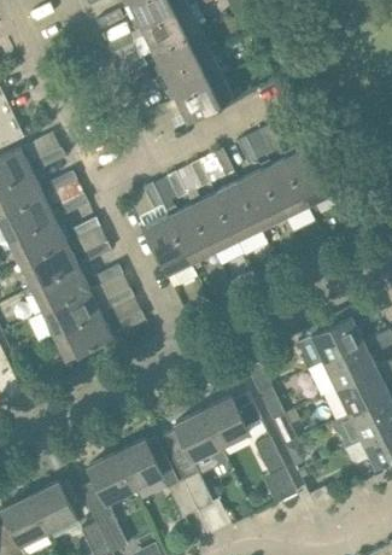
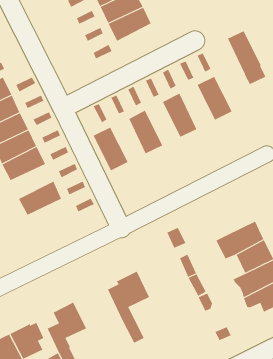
building: [176,75,235,123] -> none
building: [262,158,315,232] -> [227,31,266,85]
building: [215,181,262,240] -> none
building: [168,204,215,263] -> none
building: [31,265,90,312] -> none
building: [298,308,364,369] -> none
building: [54,312,113,360] -> none
building: [204,393,261,446] -> none
building: [117,437,199,516] -> none
building: [256,437,298,503] -> none

